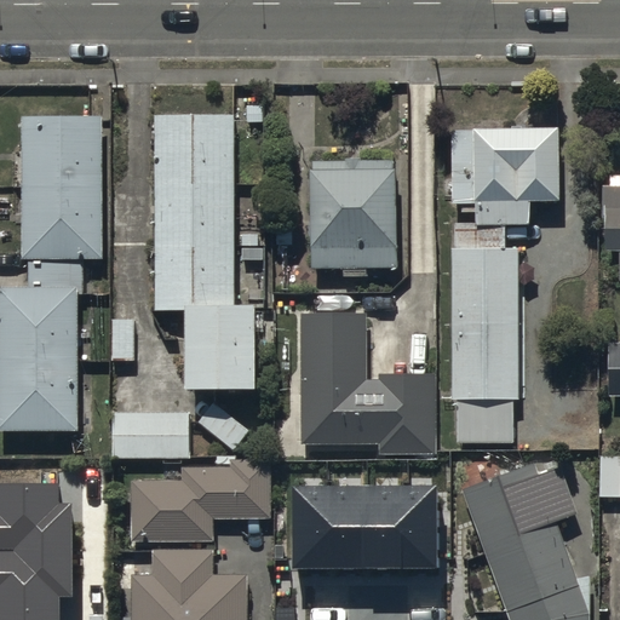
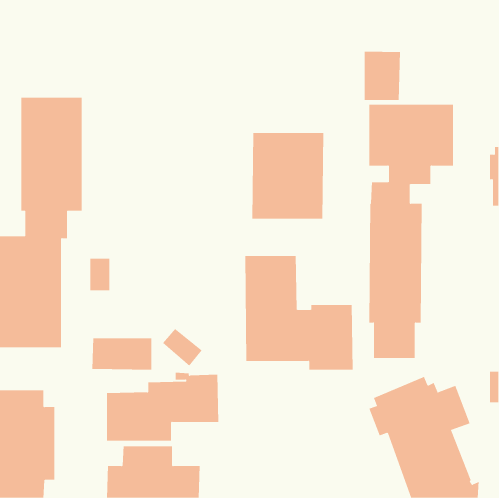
building: none -> [364,51,400,101]
building: [153,116,256,395] -> none
building: [291,481,434,563] -> none

